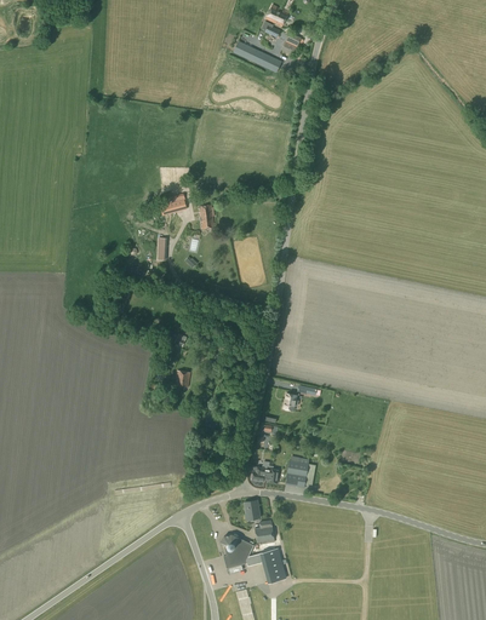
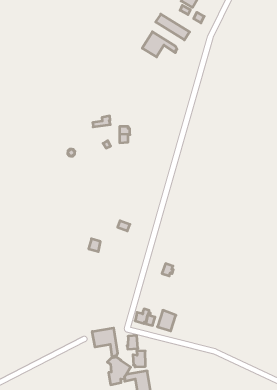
building: none -> [142,32,177,57]
building: none -> [92,328,118,357]

